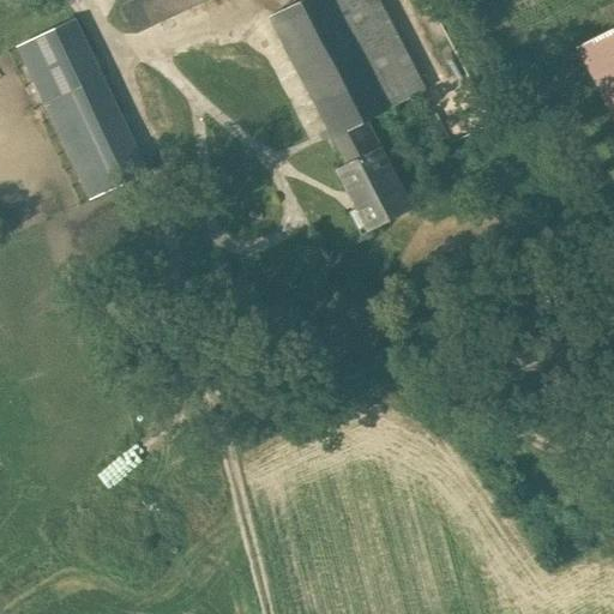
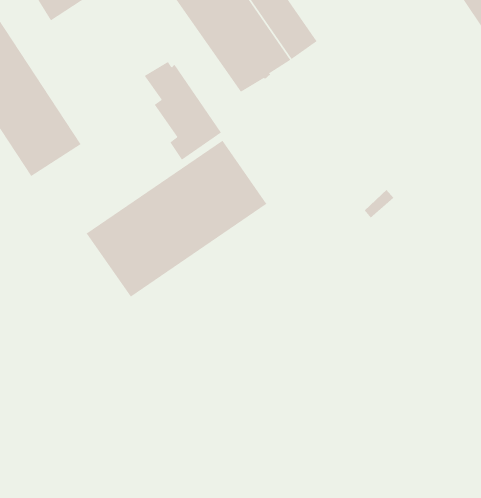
building: [331,122,409,233] -> [143,62,222,161]
building: none -> [86,140,267,297]

